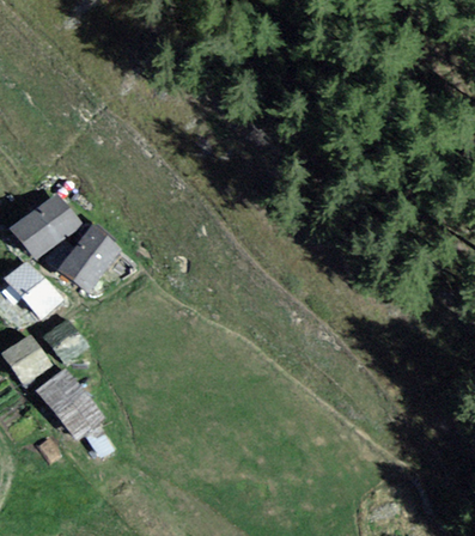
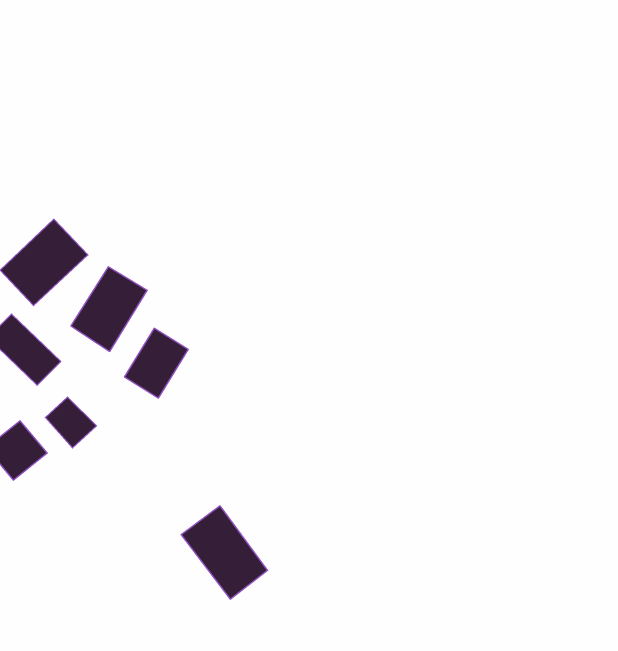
building: none -> [125,328,188,398]
building: [38,371,99,437] -> [181,506,268,599]

